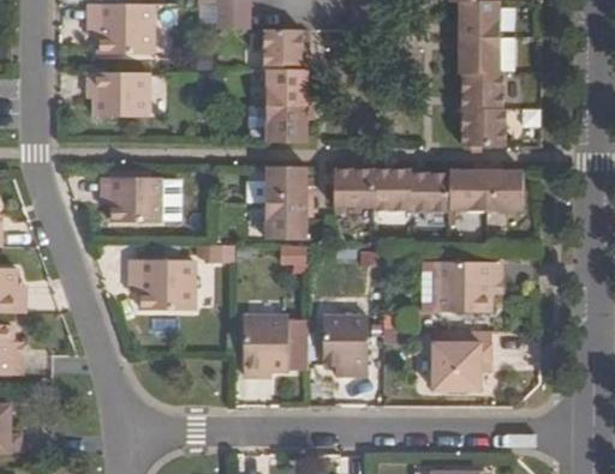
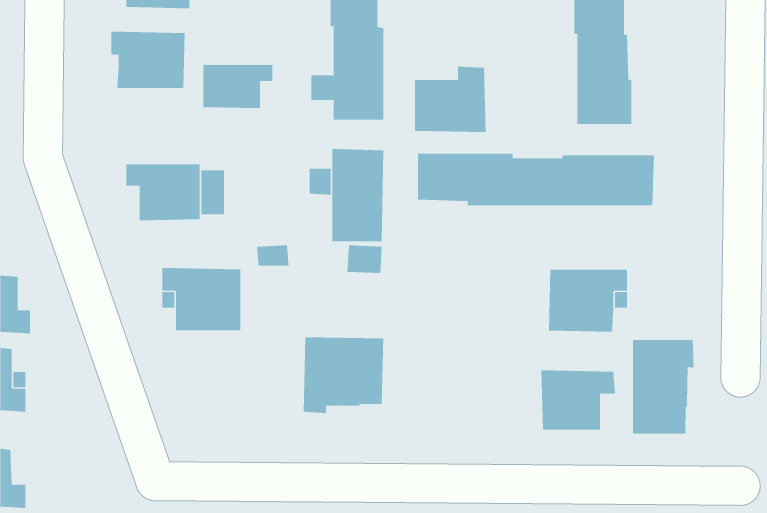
building: none -> [203,64,273,109]
building: none -> [414,66,486,133]
building: [323,317,369,377] -> none
building: none -> [633,339,694,434]

